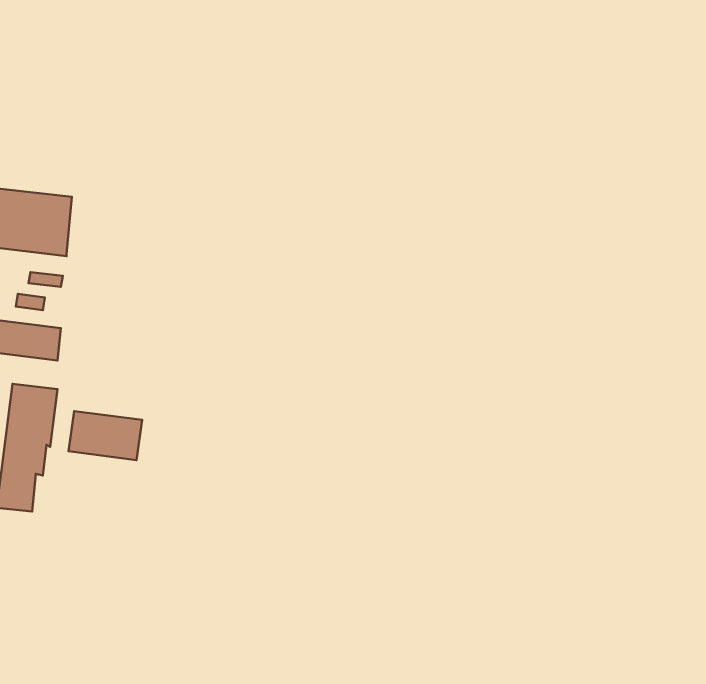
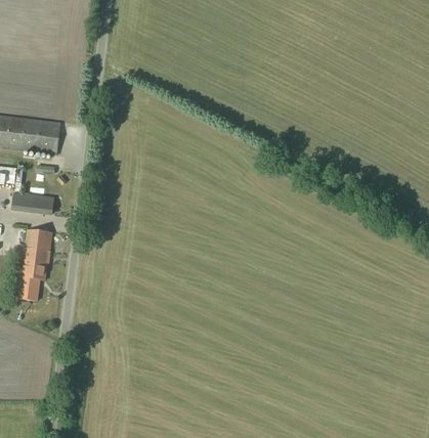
building: [68,411,142,460] -> none

